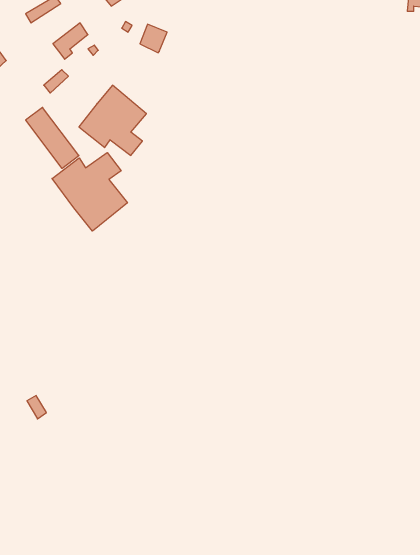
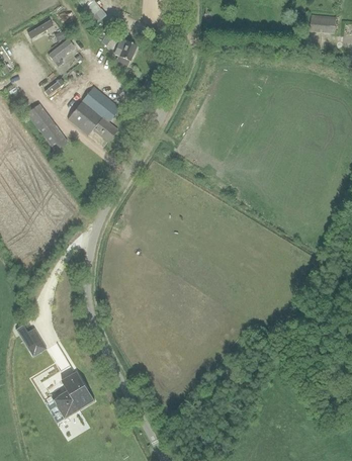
building: [52,153,127,231] -> none
building: none -> [53,372,95,420]

